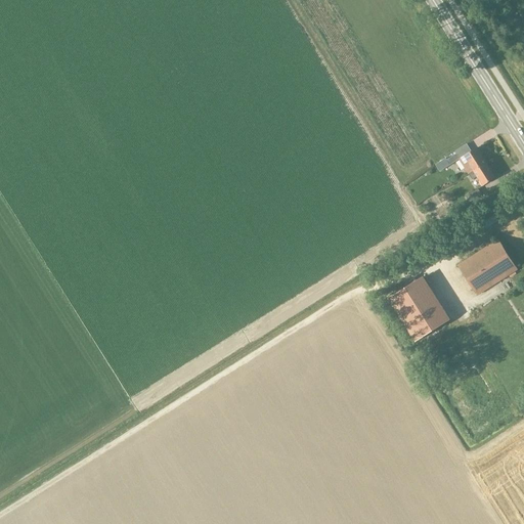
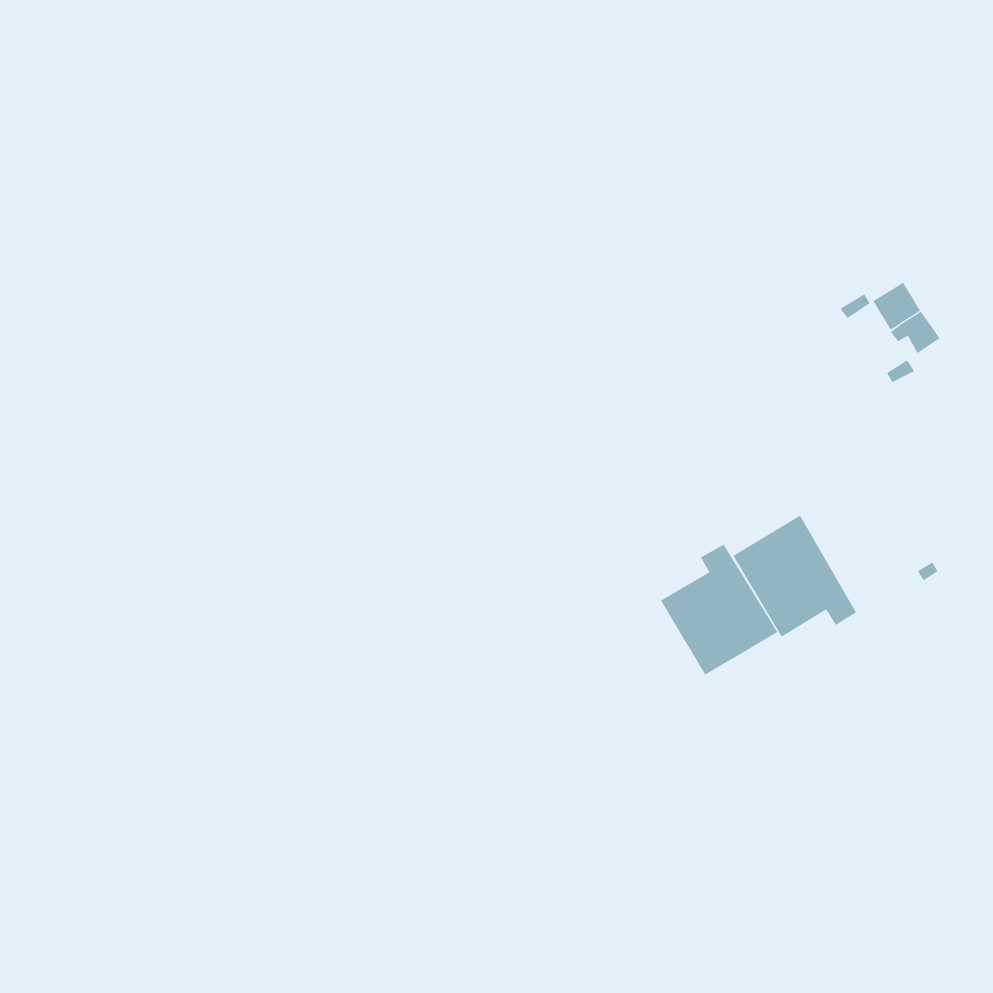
building: [458,239,517,296] -> none
building: none -> [660,544,778,676]

